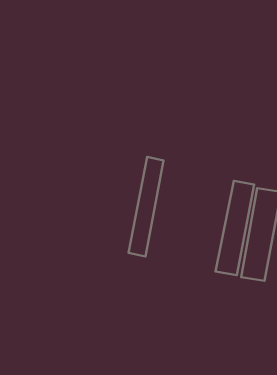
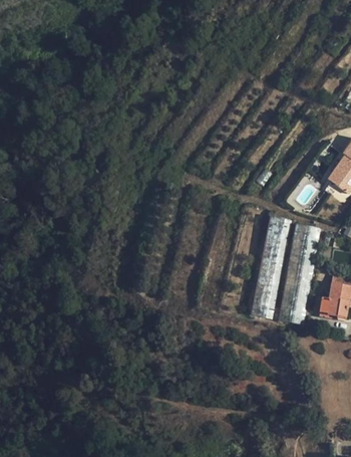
building: [129,157,163,257] -> none

